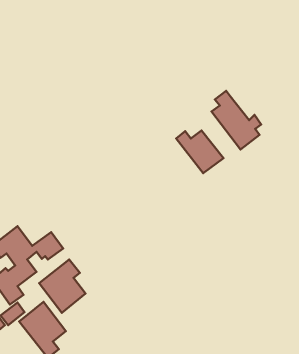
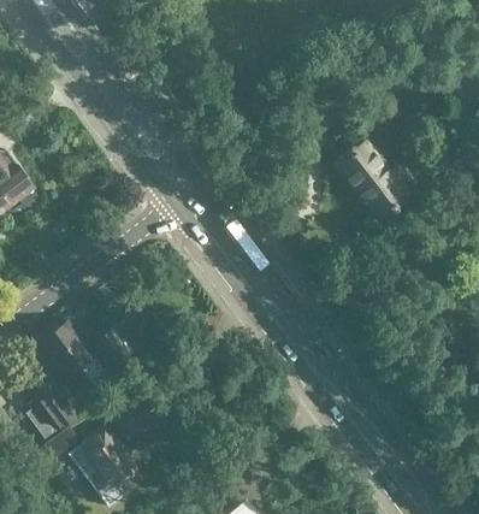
building: [176,131,223,173] -> none
building: [39,260,86,313] -> none

